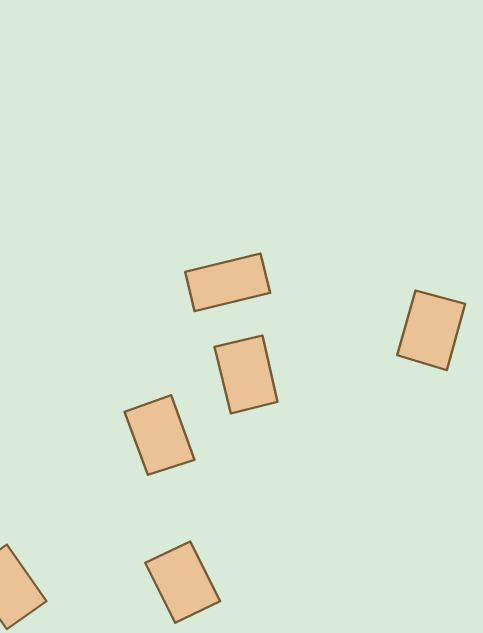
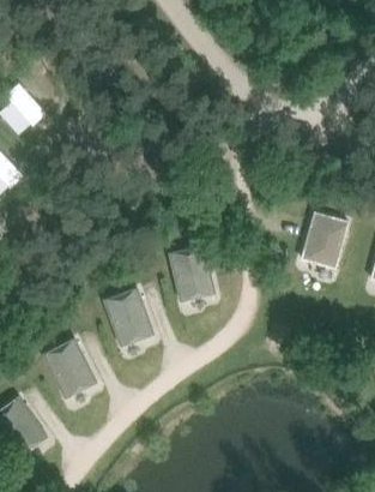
building: [185,253,270,311] -> none
building: [145,541,220,623] -> [42,337,96,396]

